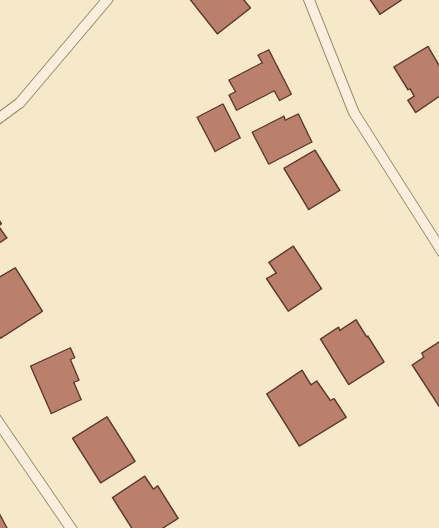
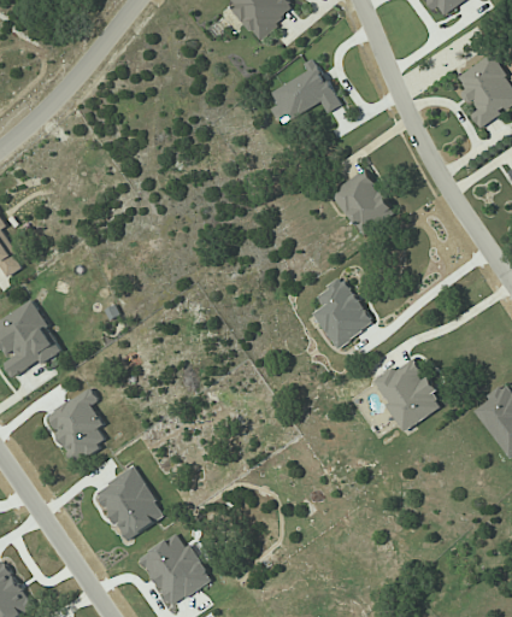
building: [197,104,240,152] -> none
building: [252,114,312,164] -> none
building: [267,370,346,446] -> none

